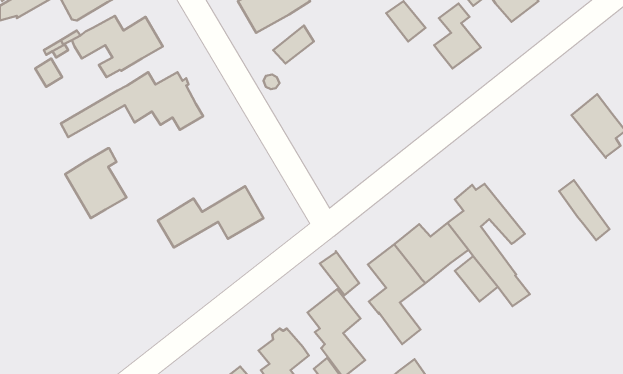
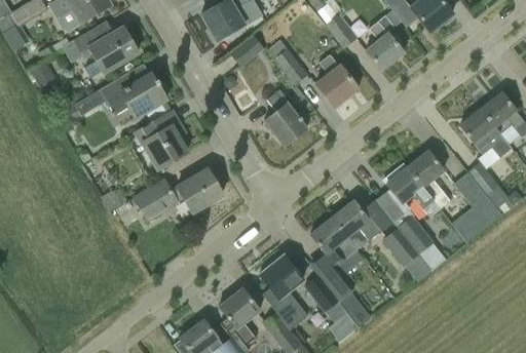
building: none -> [268,39,309,85]
building: none -> [316,53,359,107]
building: none -> [265,89,307,146]
building: none -> [460,109,514,157]
building: [65,148,126,218] -> [137,110,188,168]
building: none -> [408,150,450,208]
building: none -> [451,172,501,242]
building: [320,251,359,295] -> [306,274,339,311]

